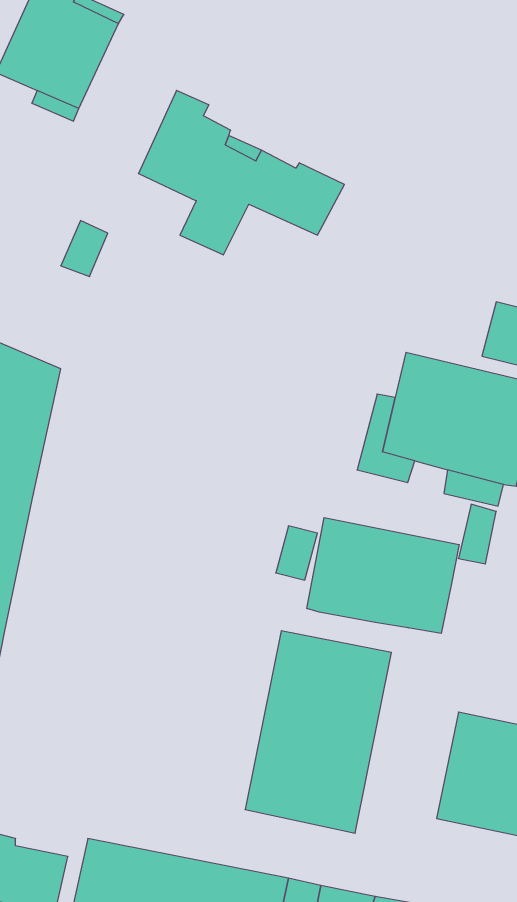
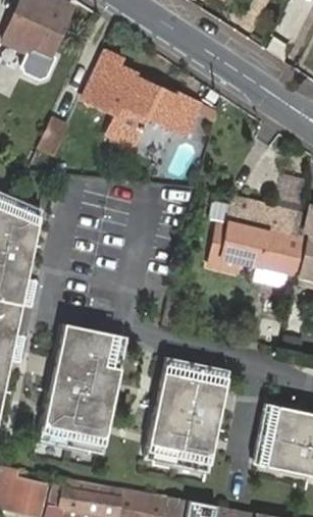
building: [307,518,459,633] -> none
building: none -> [40,325,127,454]

